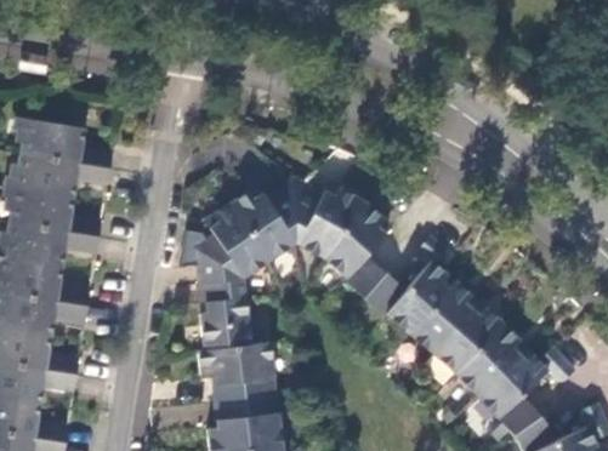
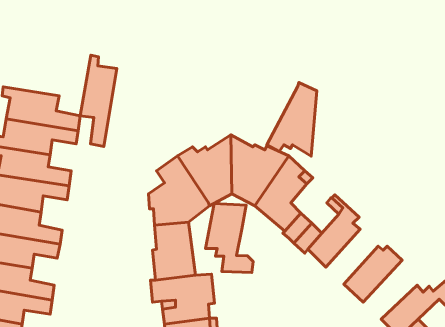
building: none -> [80,55,117,147]
building: none -> [267,83,317,156]
building: none -> [205,204,253,272]
building: [408,282,471,355] -> none
building: [453,326,518,398] -> none

